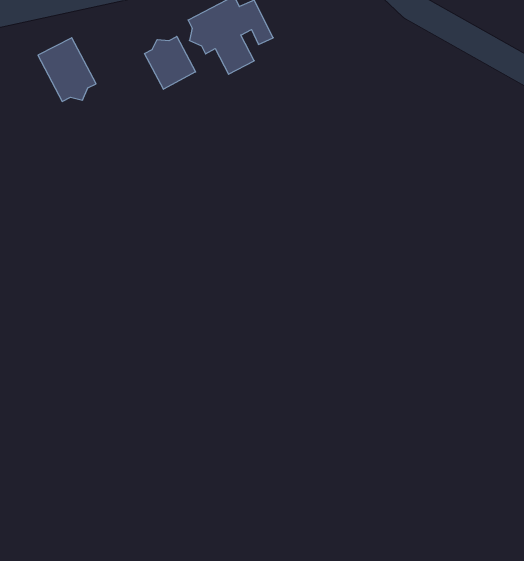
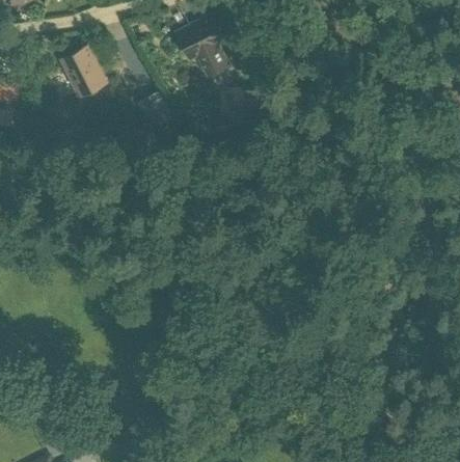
building: [145,36,196,89] -> none

